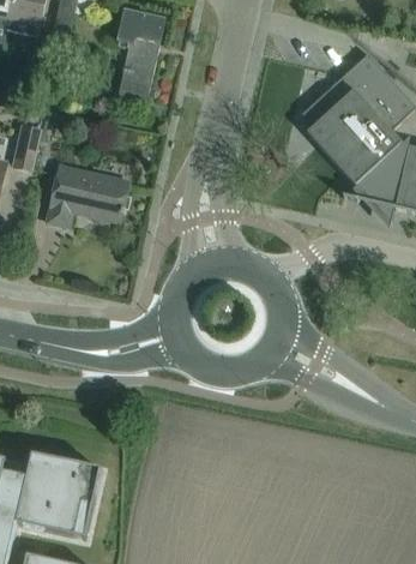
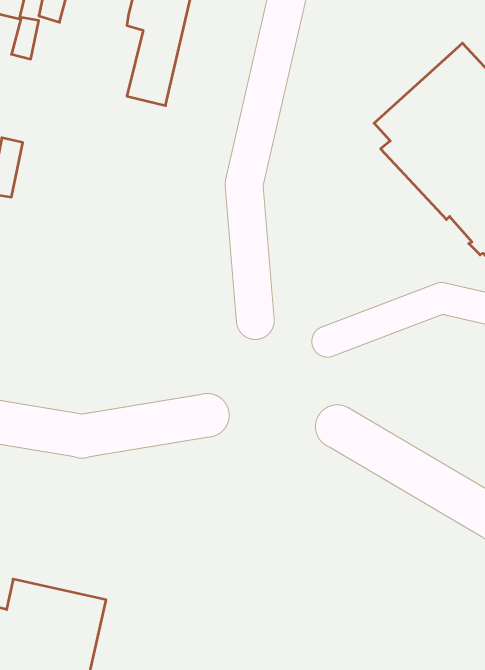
building: [48,166,129,224] -> none

